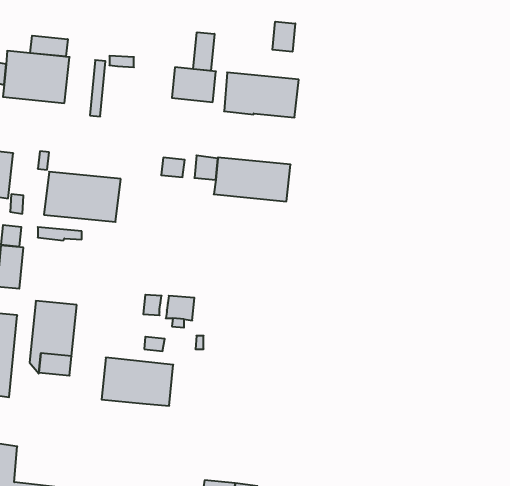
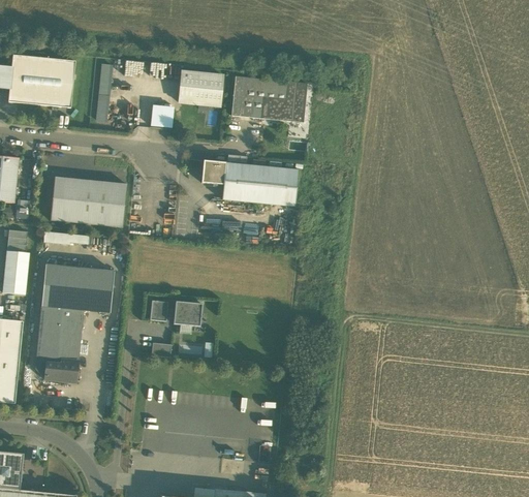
building: [272,22,295,52] -> none
building: [193,32,214,71] -> none
building: [30,36,68,57] -> none
building: [161,158,185,177] -> [150,108,174,128]
building: [102,358,173,406] -> [41,265,114,313]

